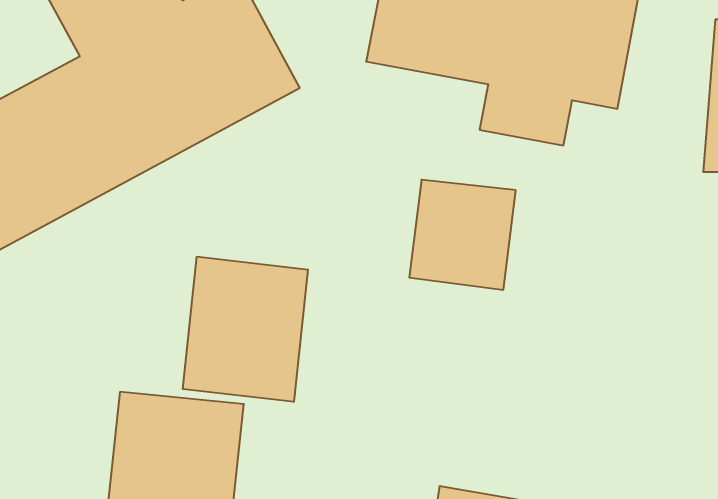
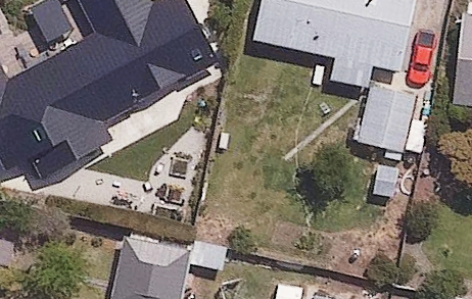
building: [409,180,516,290] -> [361,90,423,154]
building: [183,257,308,402] -> none

